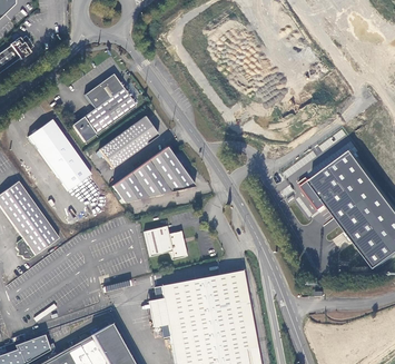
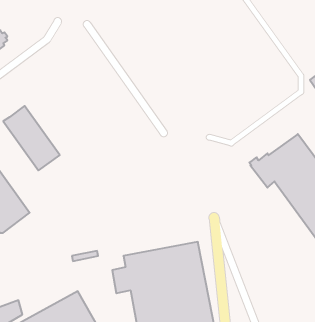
building: [72,73,135,141] -> none
building: [99,116,158,167] -> none
building: [113,145,196,201] -> none
building: [146,225,188,258] -> none

